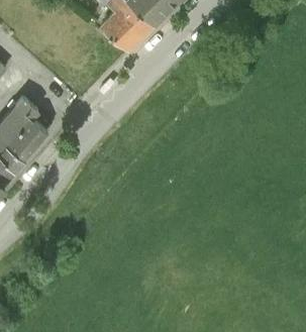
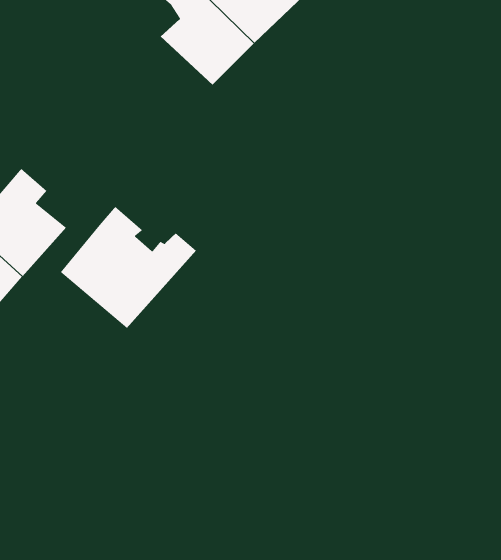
building: none -> [60,206,197,329]

